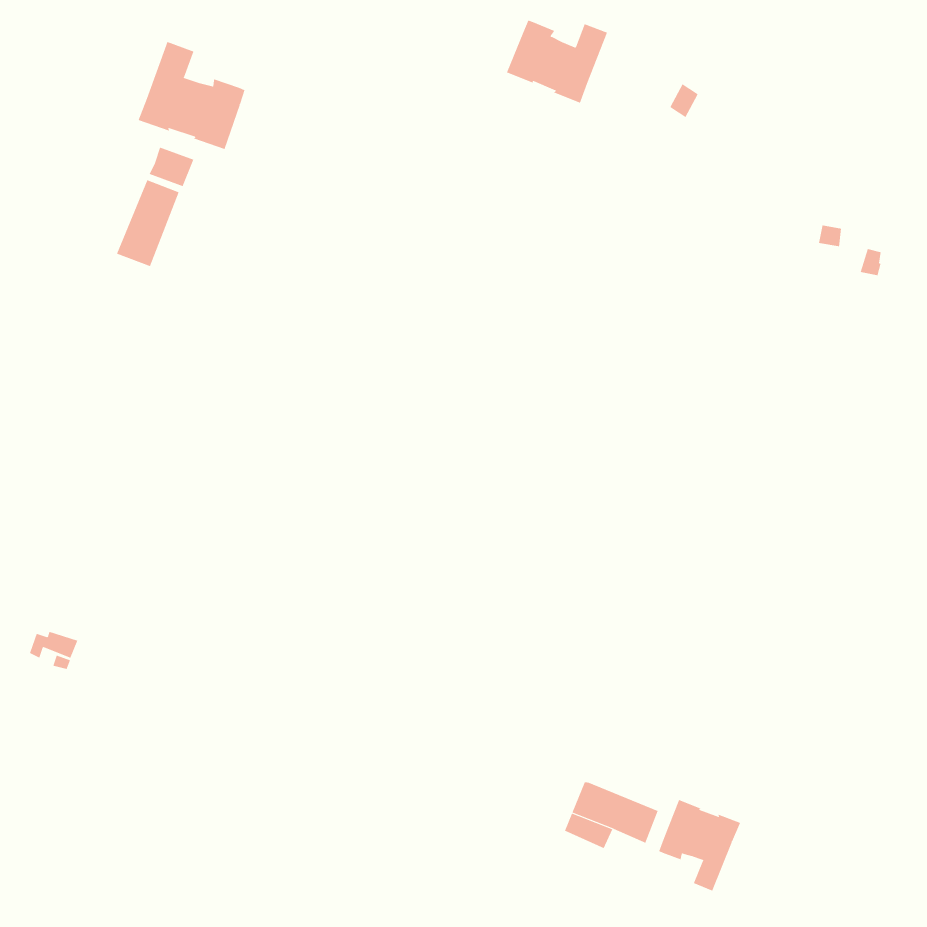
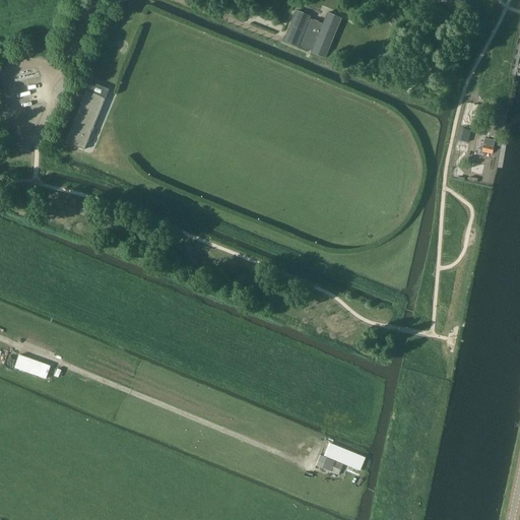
building: [138,41,245,150] -> none
building: [659,799,741,891] -> none

